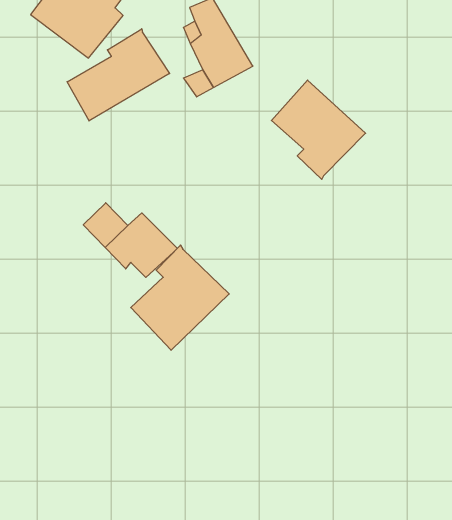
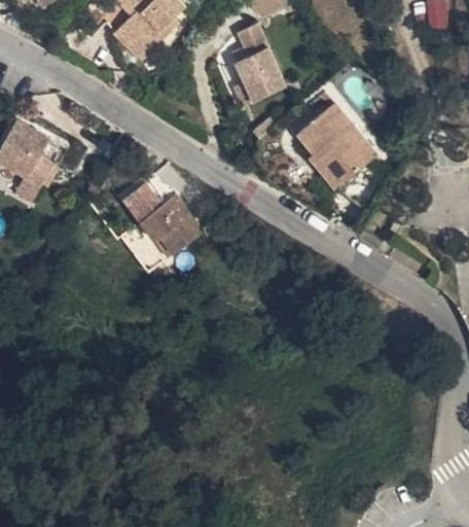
building: [67,29,170,121] -> none
building: [131,245,229,350] -> none

